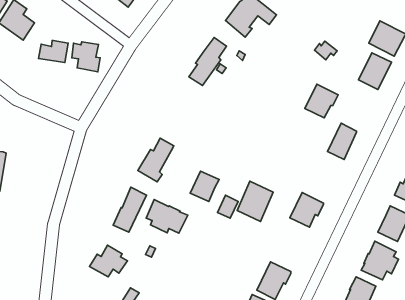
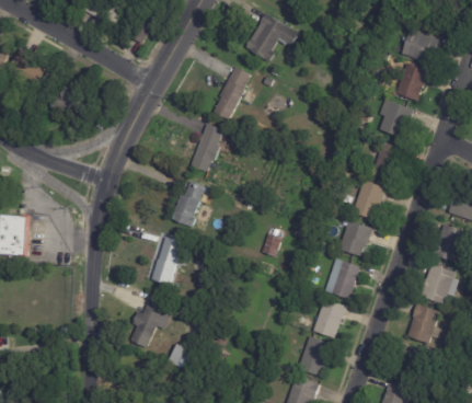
building: [72,42,100,72] -> none
building: [305,84,338,118] -> [378,102,412,137]
building: none -> [194,123,225,165]
building: none -> [352,179,385,219]
building: [190,171,219,202] -> none
building: [237,181,273,221] -> [324,257,360,299]
building: [146,199,188,233] -> none

